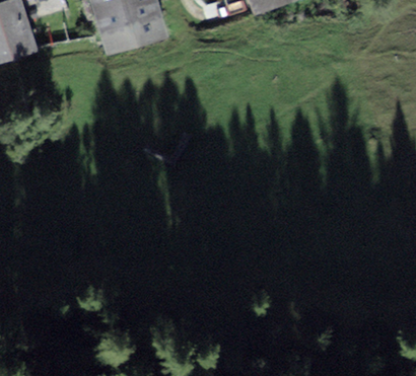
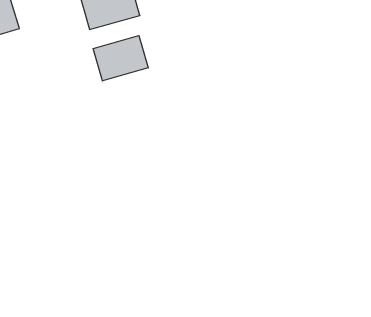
building: none -> [93,36,148,81]

